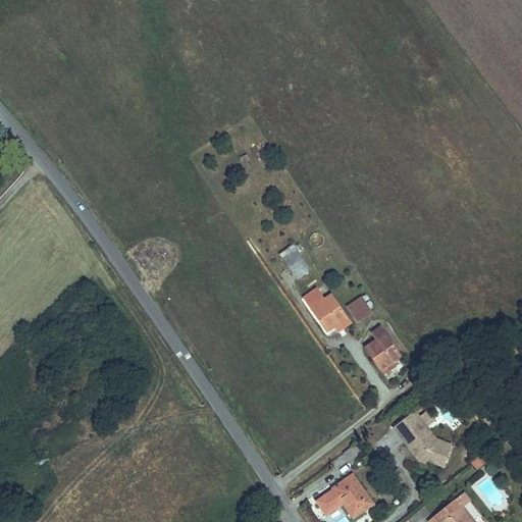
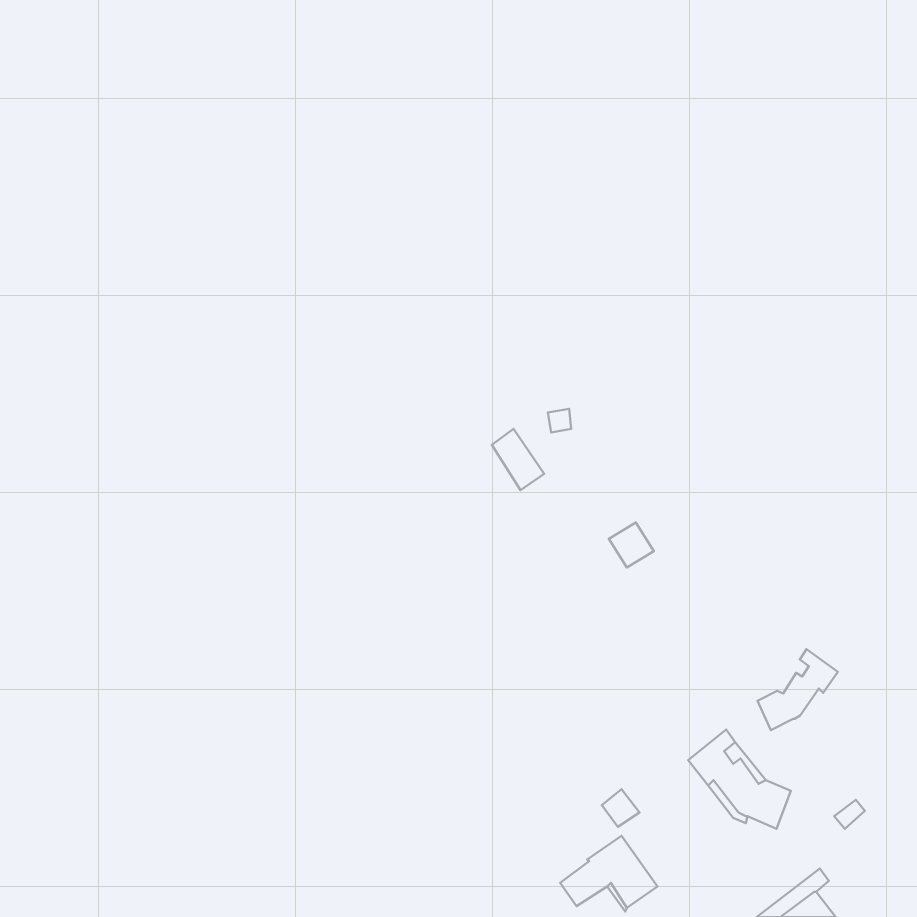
building: [312,296,344,329] -> none
building: [364,333,401,370] -> none
building: none -> [758,649,838,730]

